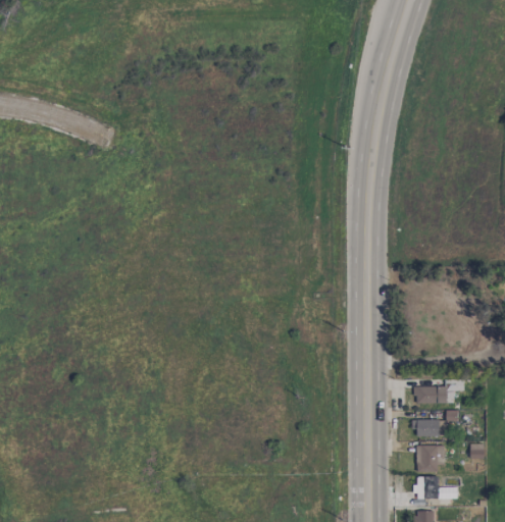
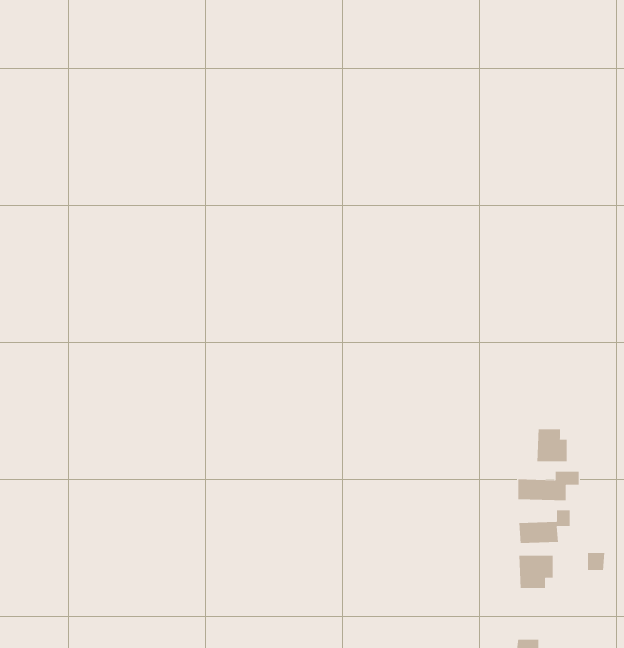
building: none -> [537,429,567,462]
building: [415,476,457,499] -> none

